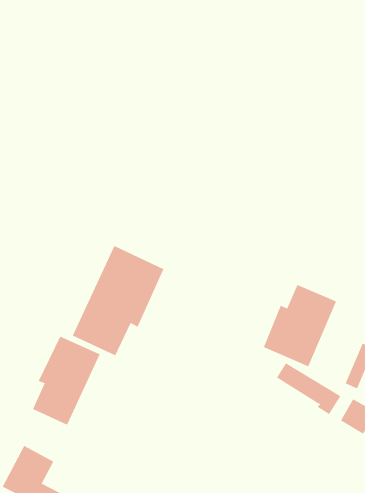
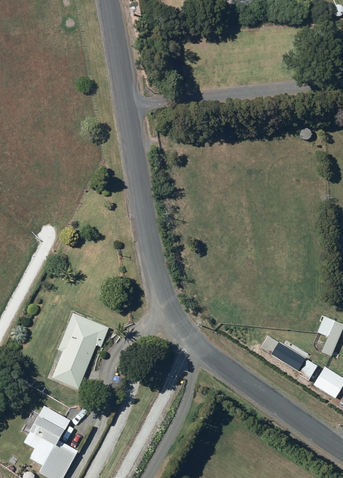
building: [73,245,164,356] -> none
building: [263,284,336,367] -> none

